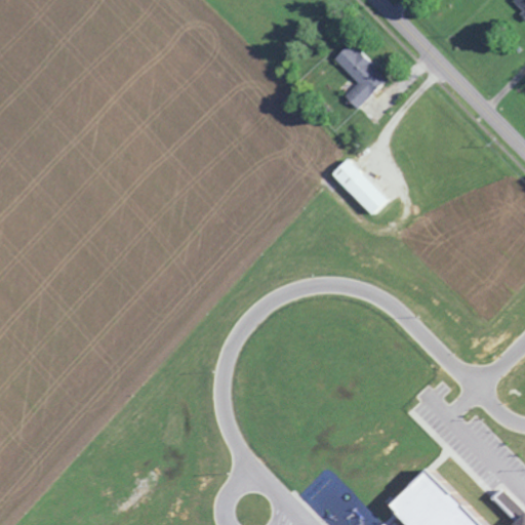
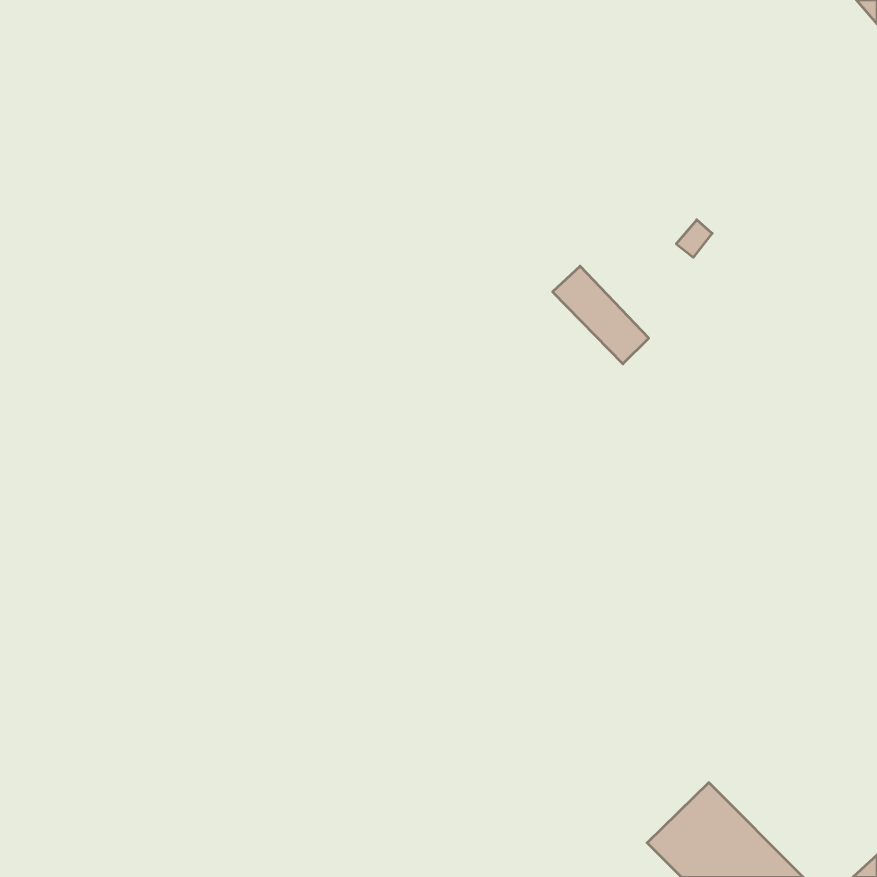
building: [334,42,387,109] -> none

